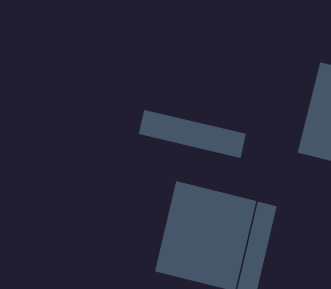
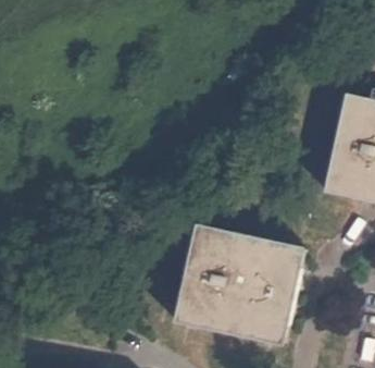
building: [138,109,246,159] -> none

